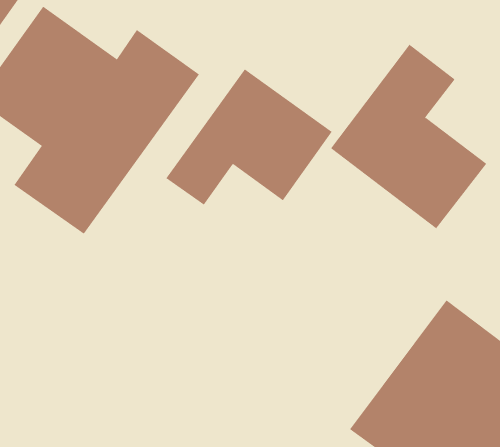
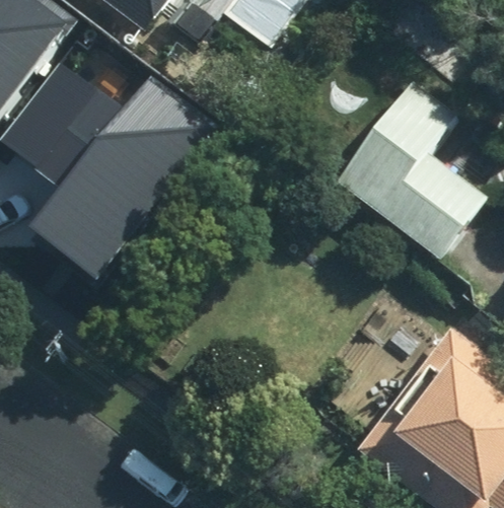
building: [165,68,333,206] -> none

